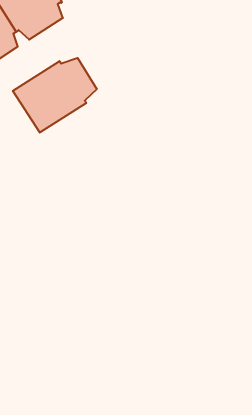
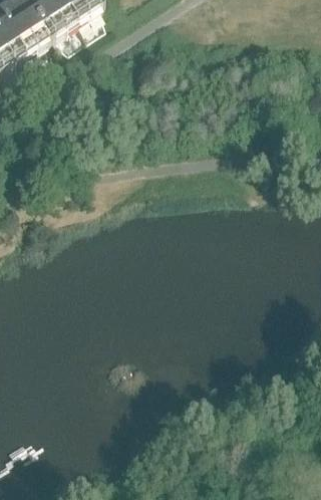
building: [13,58,97,133] -> none

